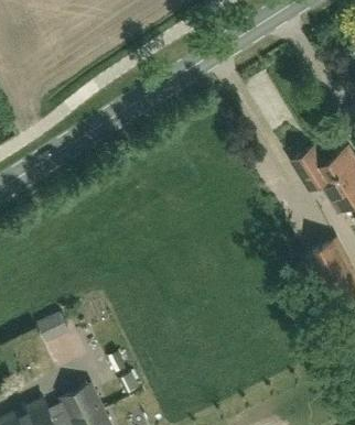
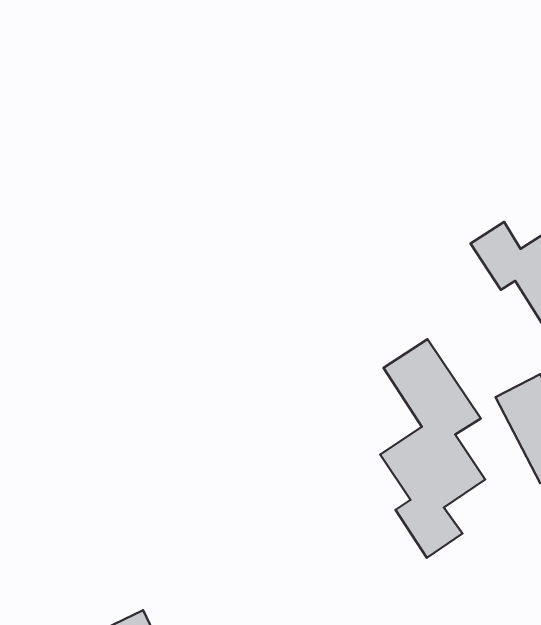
building: none -> [380,339,485,558]

